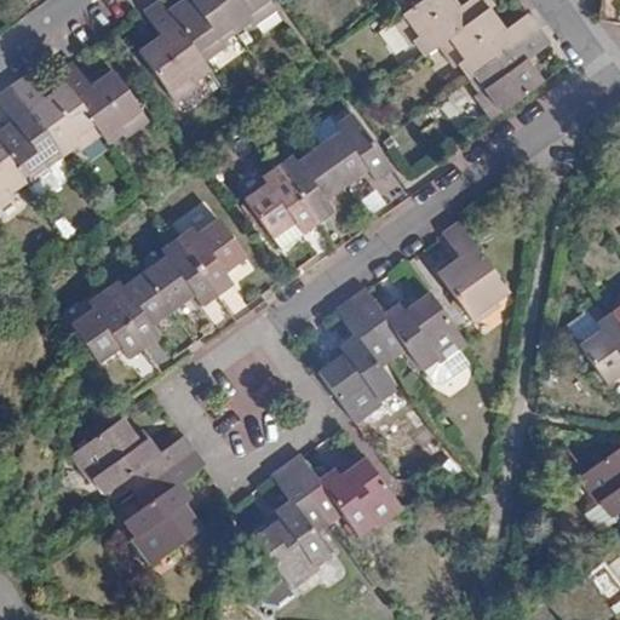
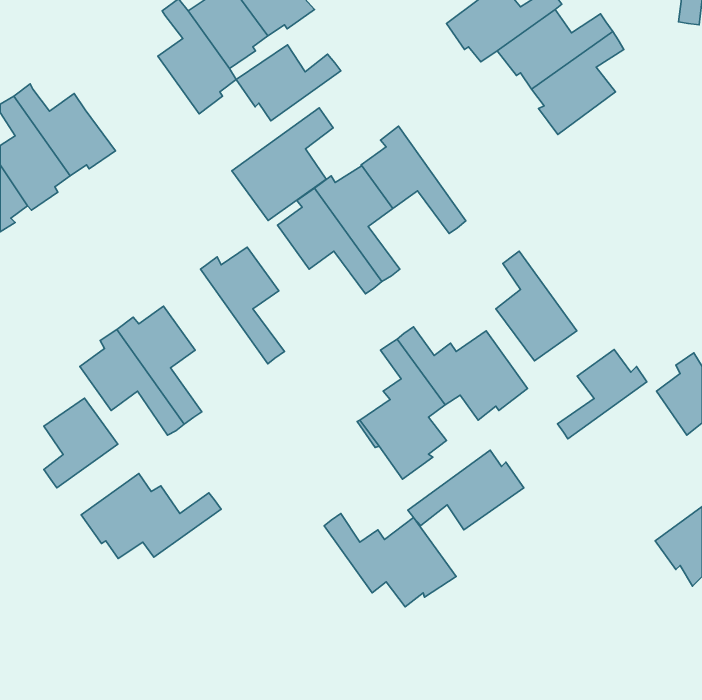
building: none -> [236,45,341,121]
building: [57,61,148,142] -> none
building: none -> [232,108,333,220]
building: [144,237,236,332] -> none
building: none -> [557,350,647,439]
building: none -> [44,398,118,488]
building: none -> [408,450,524,530]
building: [124,449,205,563] -> none
building: [254,464,331,589] -> none

